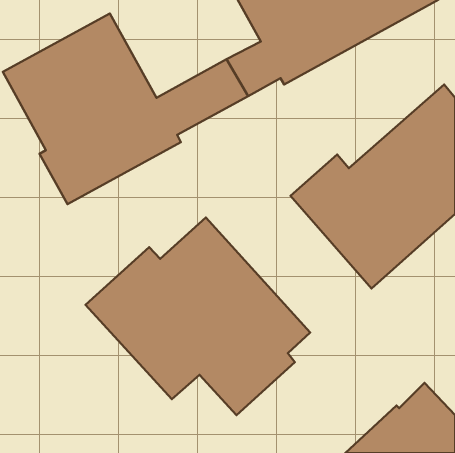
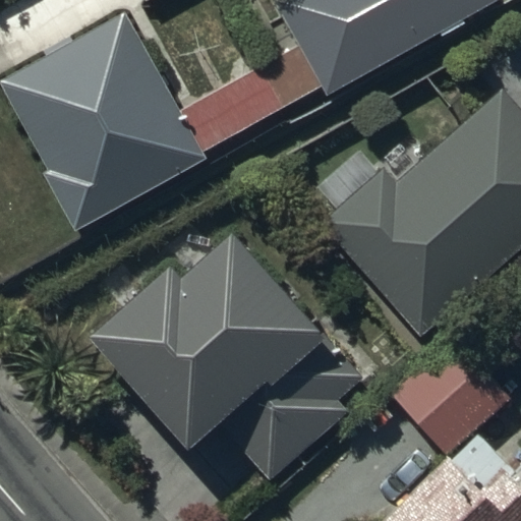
building: none -> [390,335,508,453]

